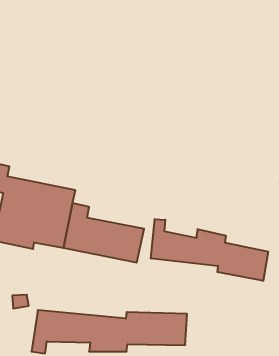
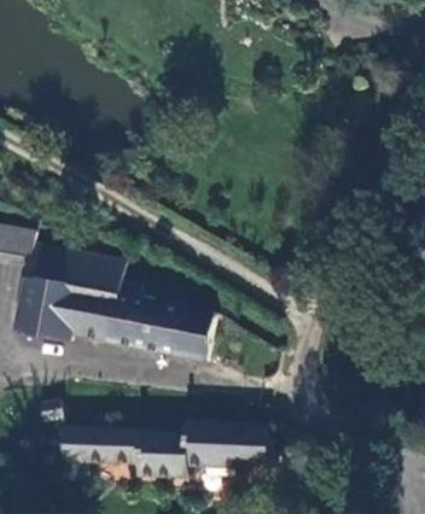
building: [151,219,268,281] -> none

